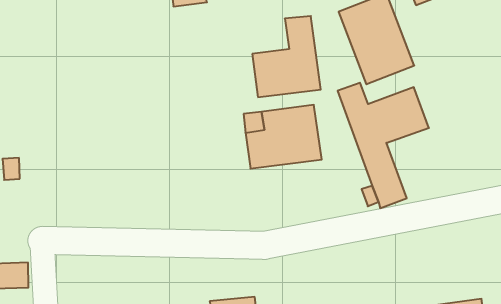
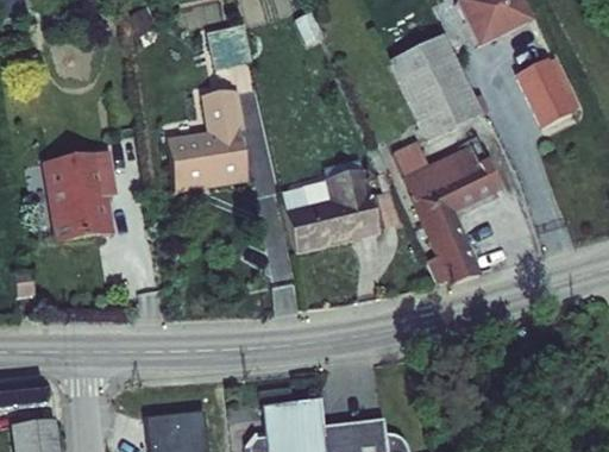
building: [252,16,321,97] -> [171,94,252,190]
building: none -> [515,63,570,131]
building: none -> [52,147,121,239]

